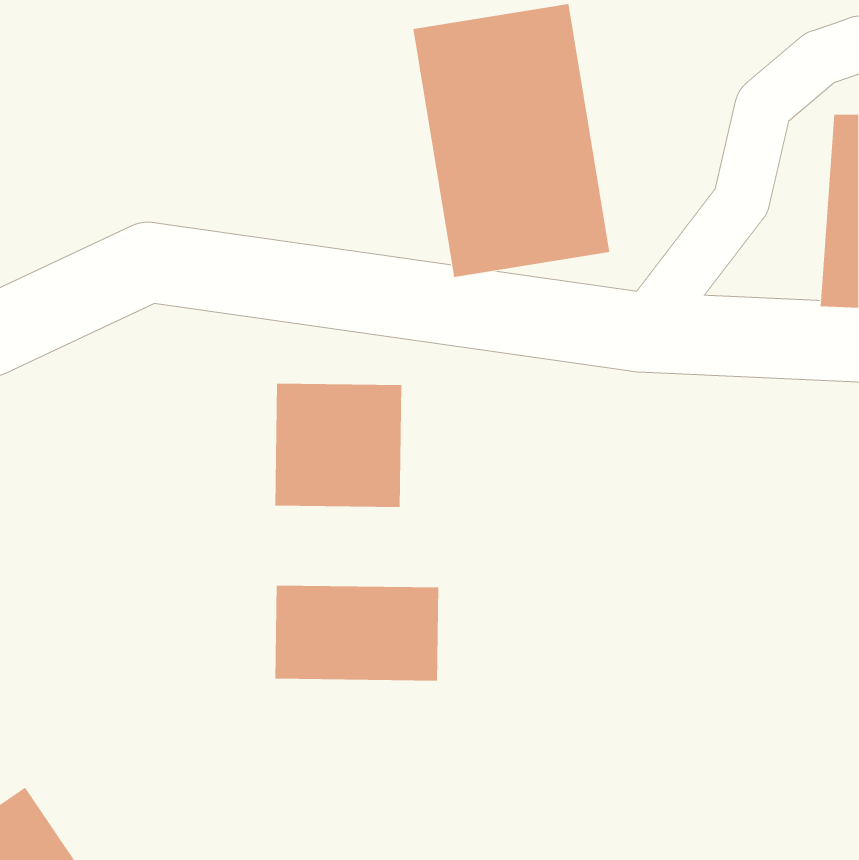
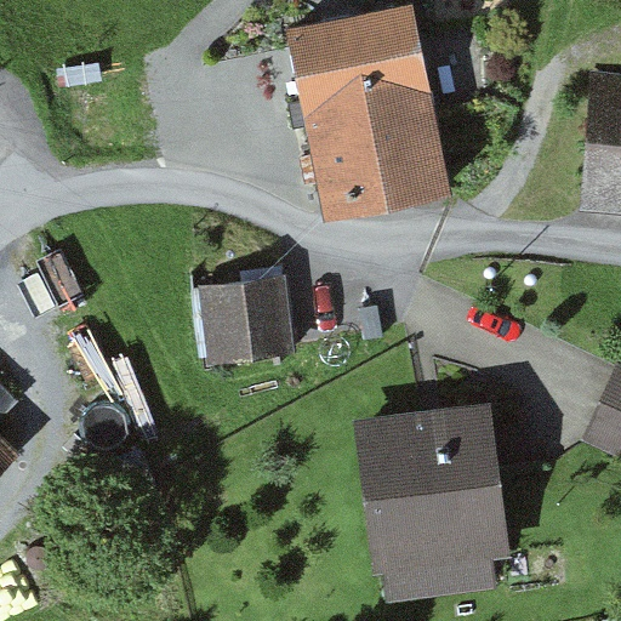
building: none -> [369,418,508,587]
building: [275,585,439,681] -> none

